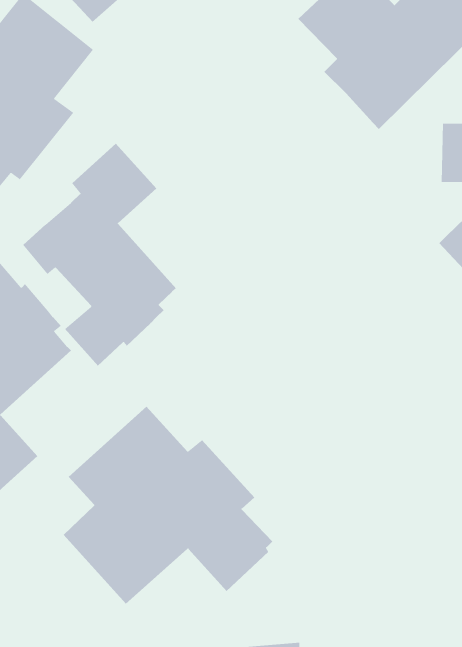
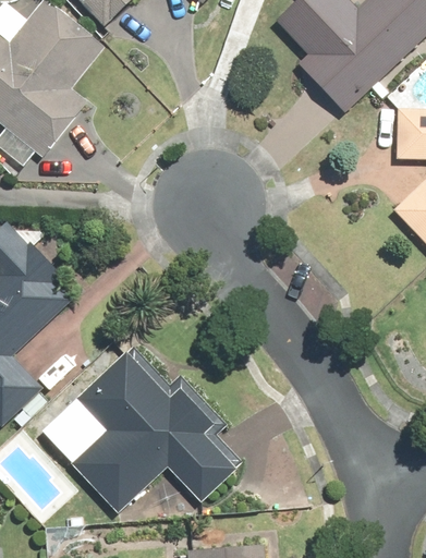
building: [22,143,177,367] -> none

